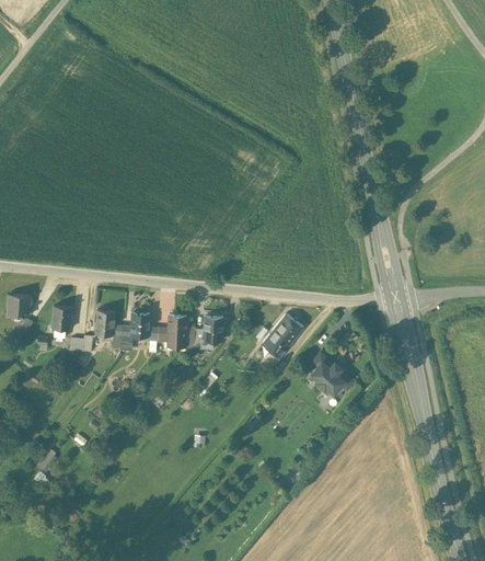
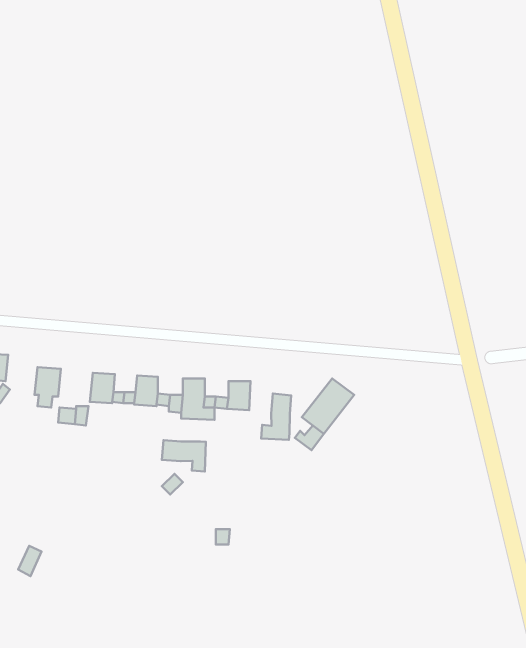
building: none -> [261,394,291,440]
building: [310,352,353,392] -> none
building: none -> [162,440,206,472]

